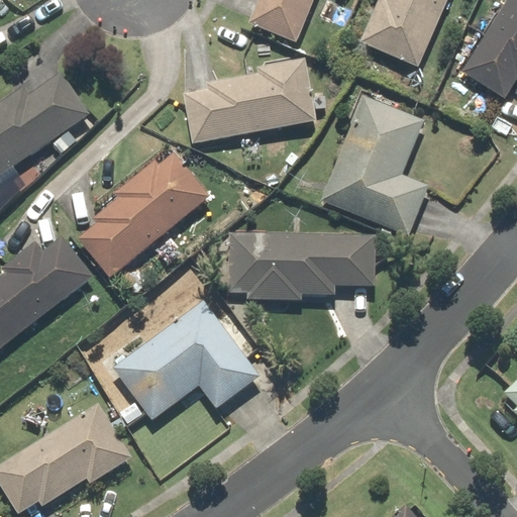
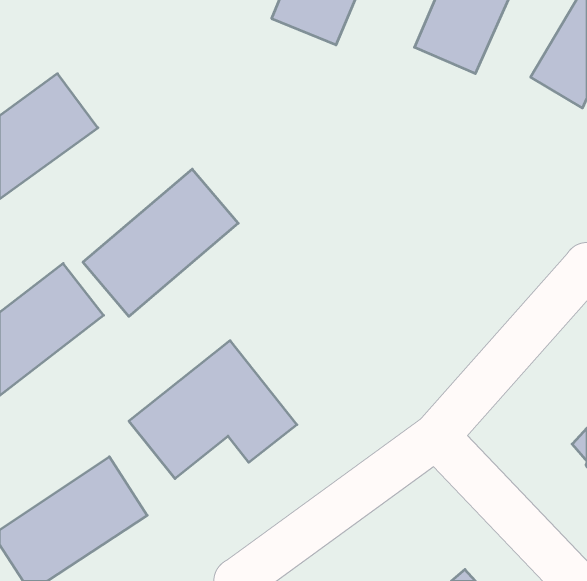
building: [181,61,318,144] -> none
building: [322,98,427,234] -> none
building: [224,233,374,302] -> none

